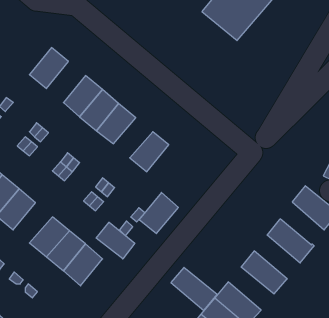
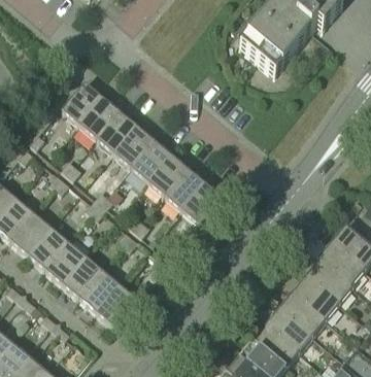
building: none -> [78,97,119,139]
building: none -> [147,155,188,196]
building: [139,192,178,234] -> [181,182,222,225]
building: none -> [316,241,364,285]
building: none -> [44,242,85,283]
building: [96,222,135,259] -> none
building: none -> [292,275,339,320]
building: [171,267,217,310] -> [265,308,312,352]

